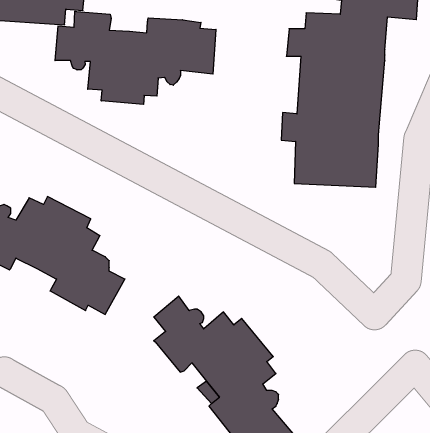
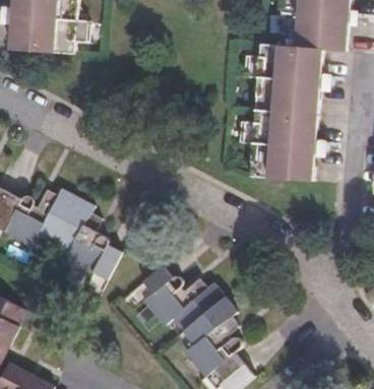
building: [55,11,216,104] -> none

